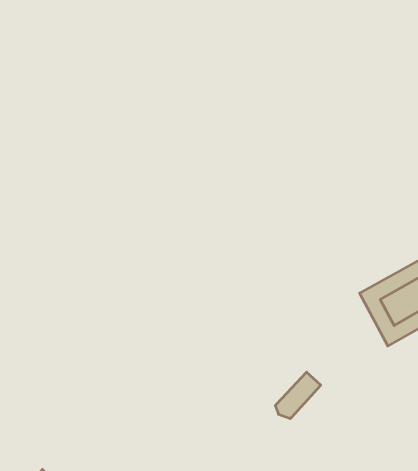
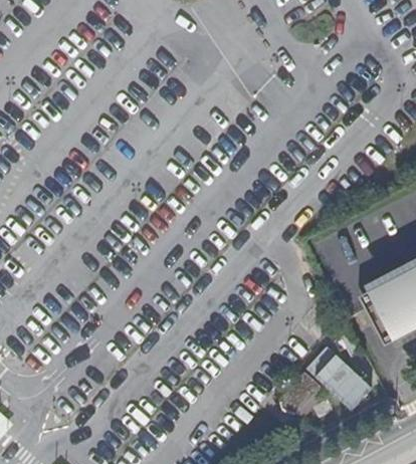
building: none -> [309,337,376,405]

